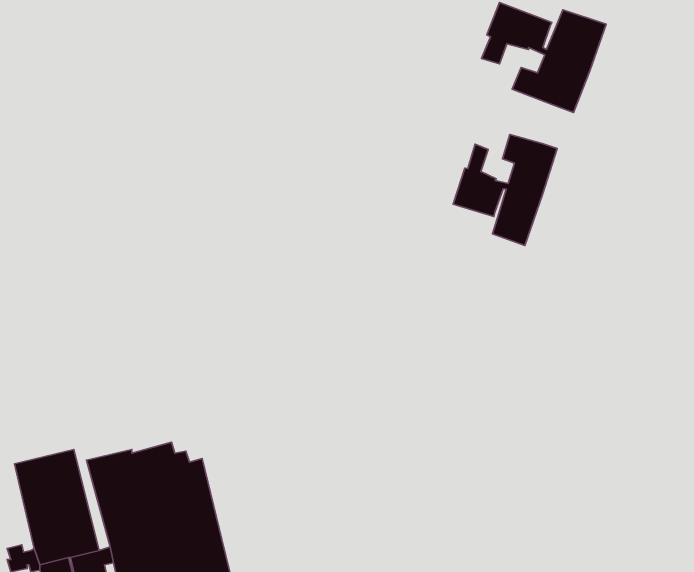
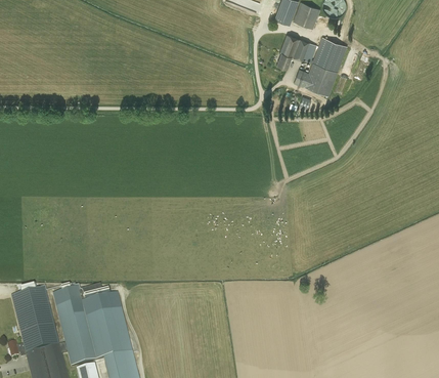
building: [453,134,557,246] -> none

